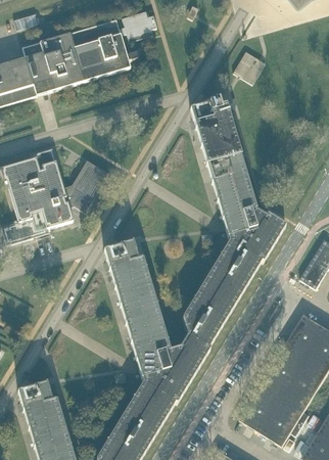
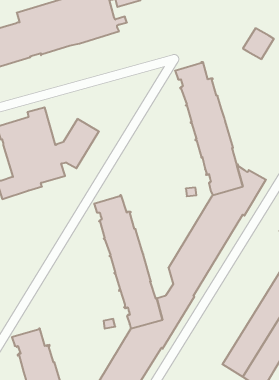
building: [233,50,266,83] -> [243,28,274,59]

